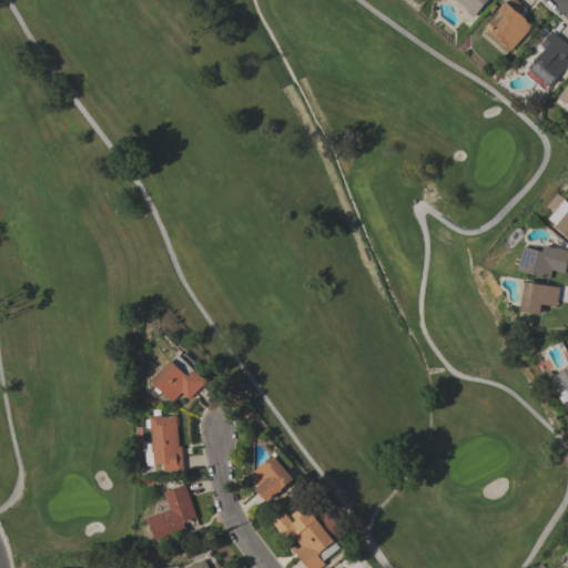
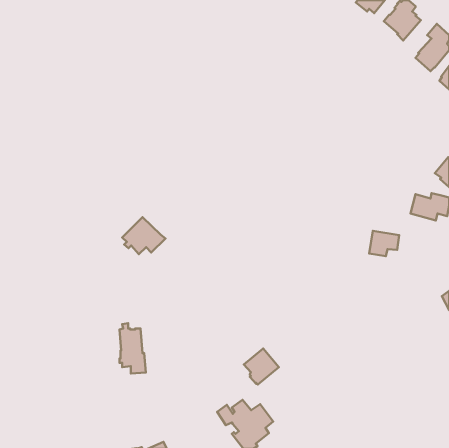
building: [521,282,559,314] -> [369,231,399,256]
building: [153,355,207,402] -> [122,217,165,254]
building: [250,456,294,501] -> [244,349,279,385]
building: [148,485,196,541] -> none

